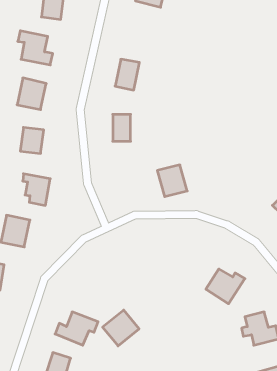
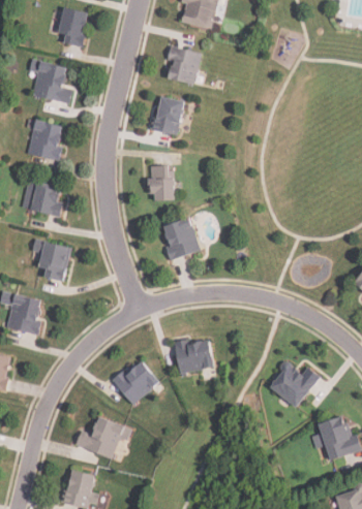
building: none -> [164,46,201,85]
building: [157,165,187,197] -> [160,219,199,259]
building: none -> [175,339,212,373]
building: [103,310,139,346] -> [112,359,158,405]

